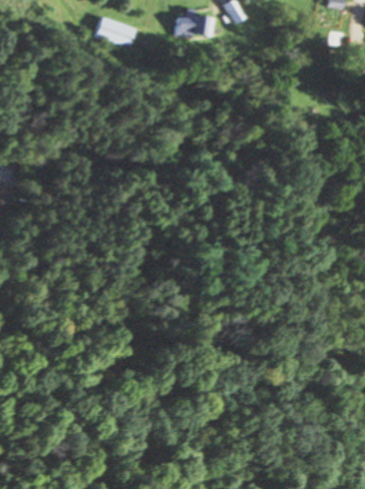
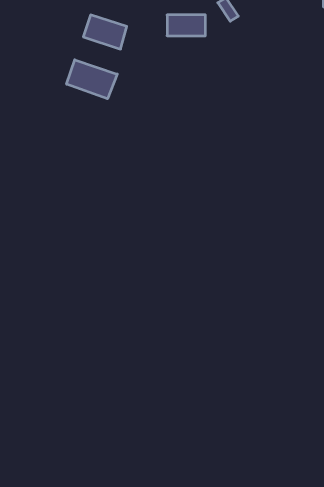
building: none -> [67,60,117,99]

